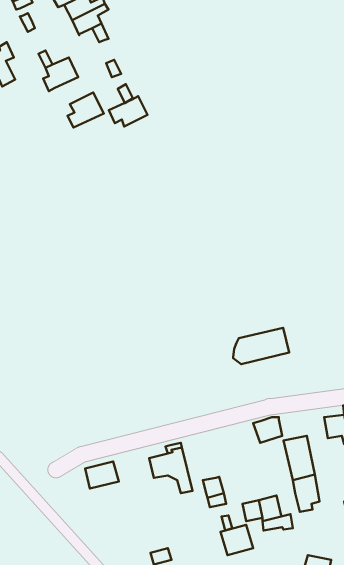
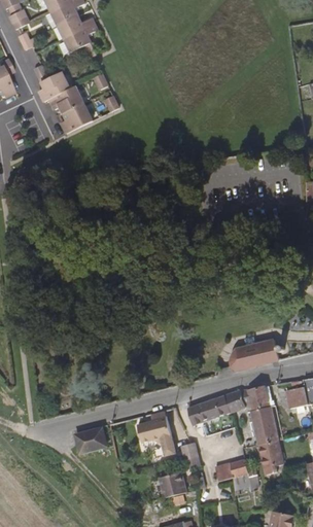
building: [109,96,147,127] -> [48,86,82,113]
building: [233,328,289,364] -> [229,340,278,372]
building: none -> [246,385,274,410]
building: none -> [186,394,230,425]
building: [220,525,253,555] -> [158,471,186,498]

